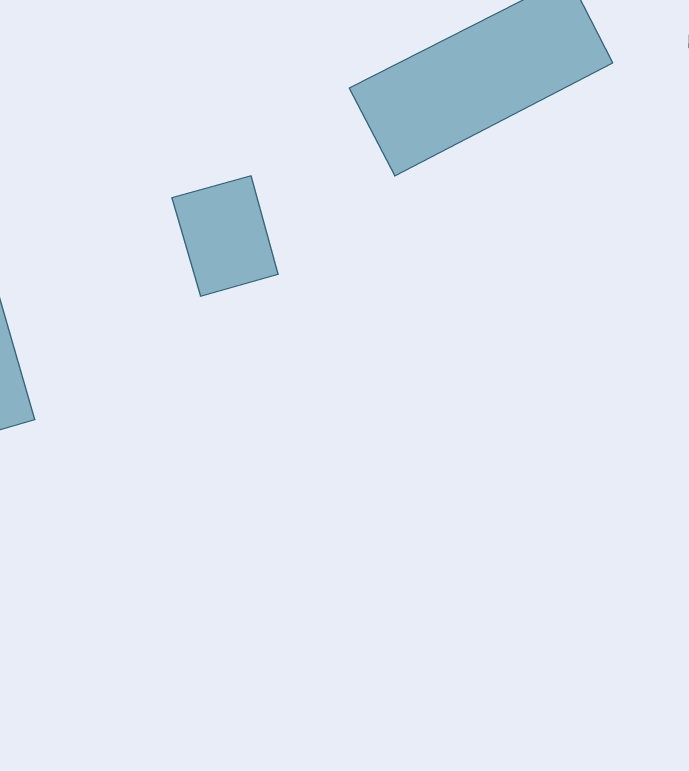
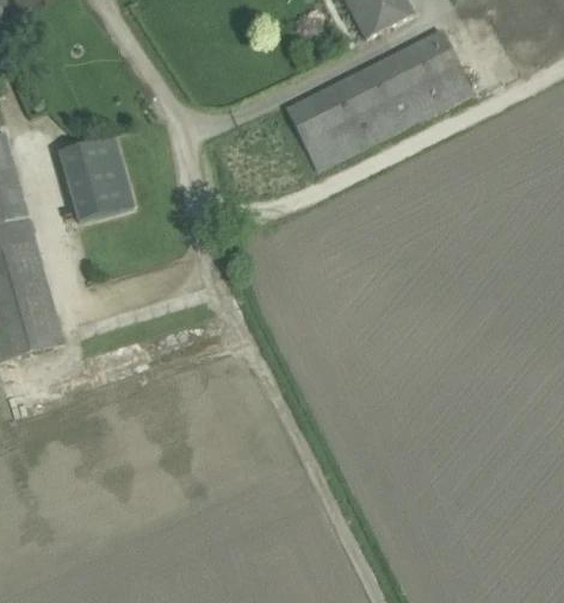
building: [172,176,278,296] -> [60,136,135,220]

